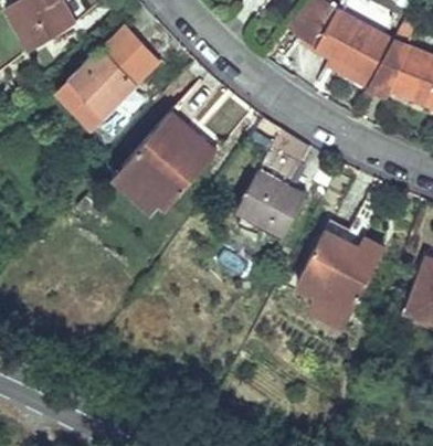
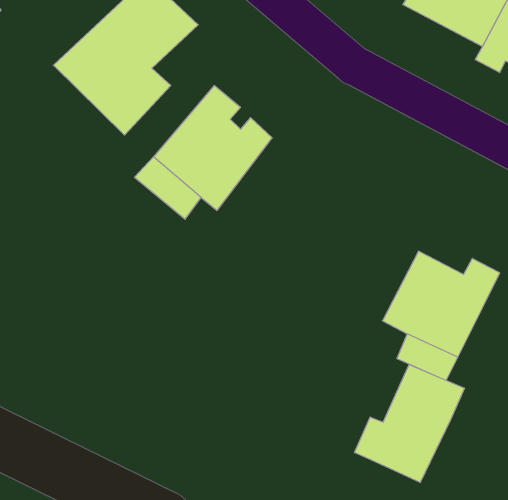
building: [237,172,310,241] -> none
building: none -> [355,365,464,483]

